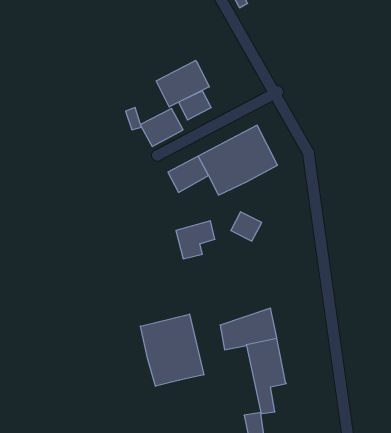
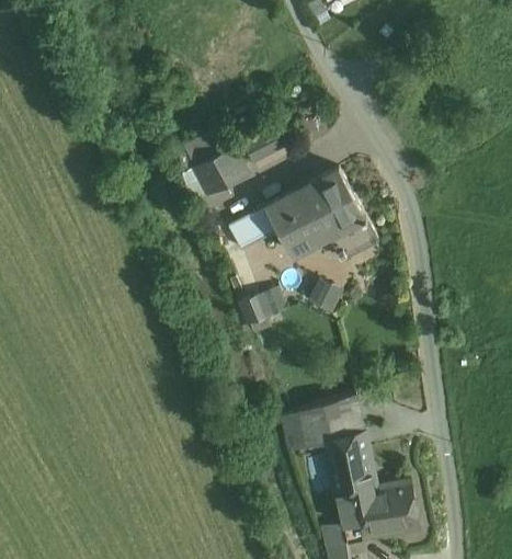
building: [156,60,209,107] -> none
building: none -> [326,218,376,262]
building: [140,314,204,386] -> none
building: none -> [355,481,420,538]

